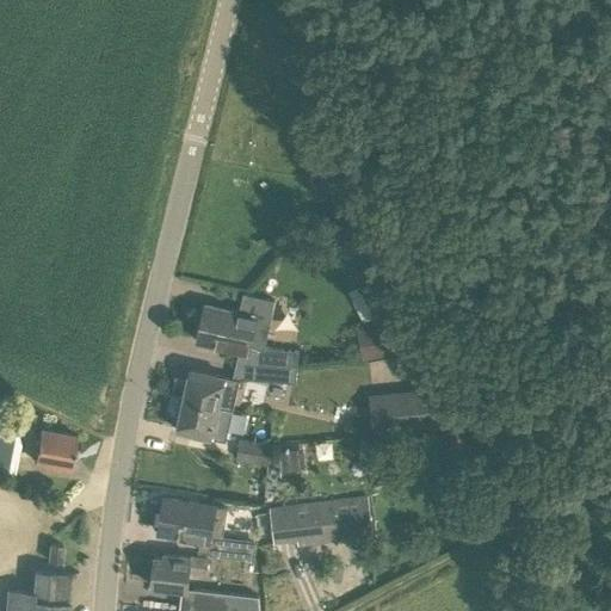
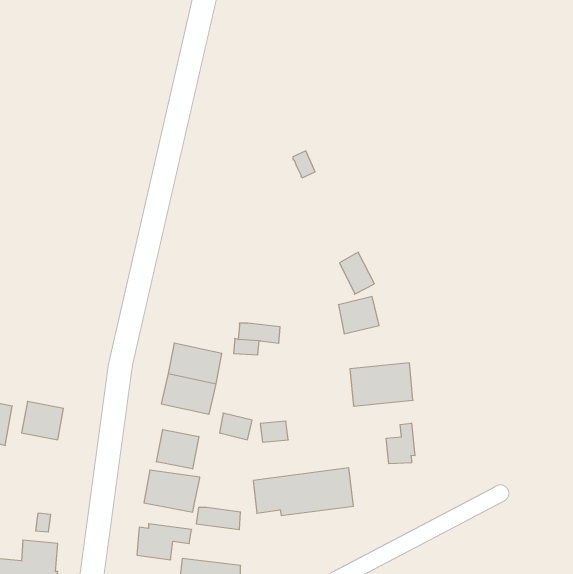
building: [196,295,273,354] -> none
building: none -> [386,423,415,464]
building: none -> [157,429,199,469]

